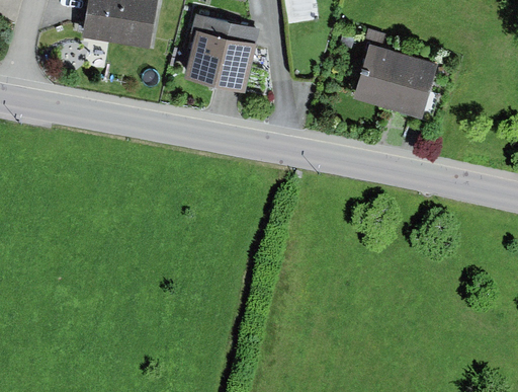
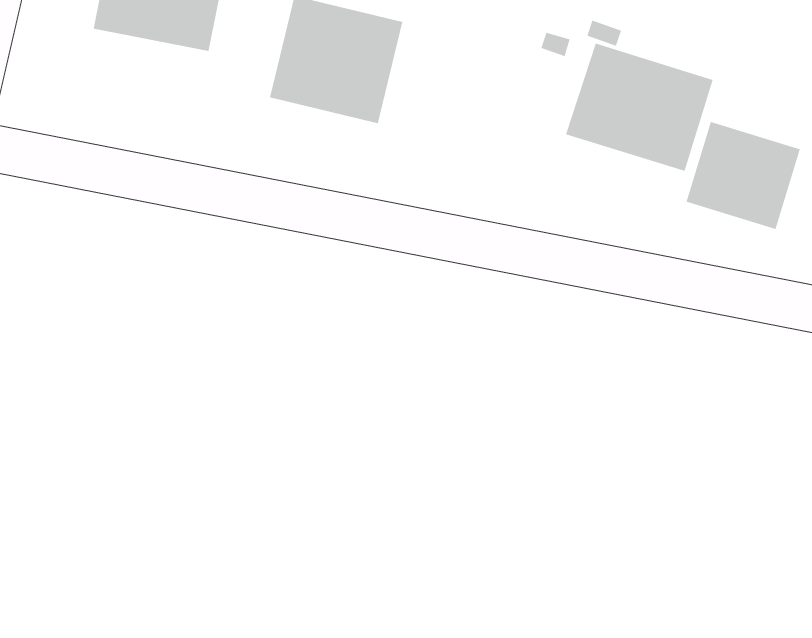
building: none -> [686,121,801,230]

